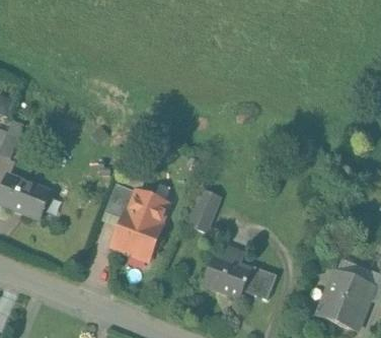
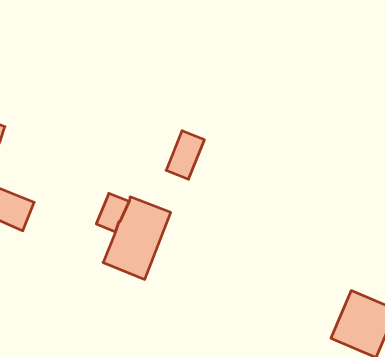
building: [183,188,218,231] -> [166,131,204,179]
building: [205,246,276,299] -> none

